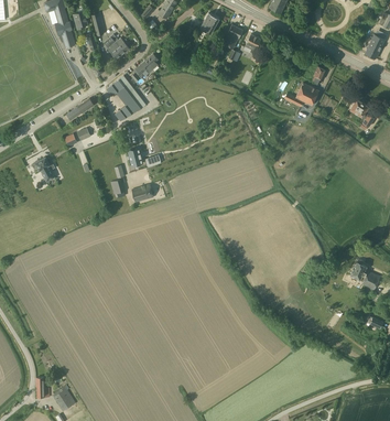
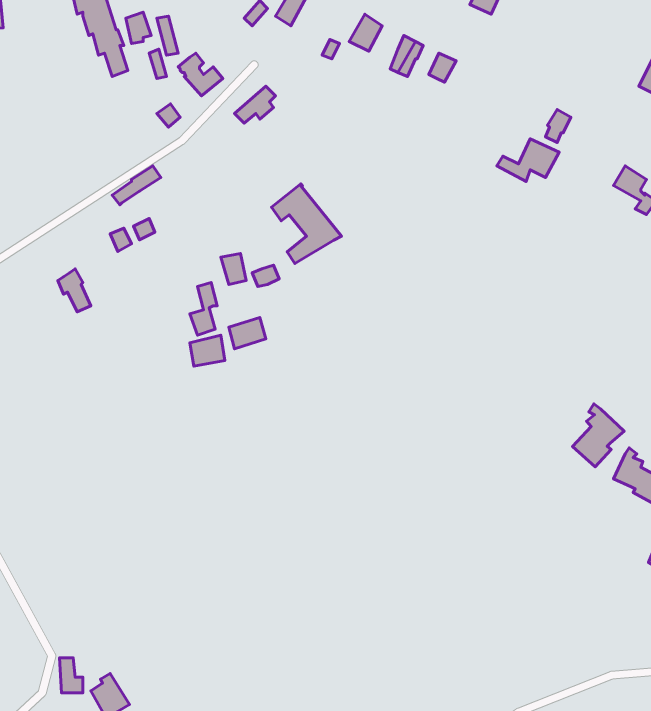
building: [107,75,147,120] -> [272,184,342,263]
building: none -> [572,404,624,467]

